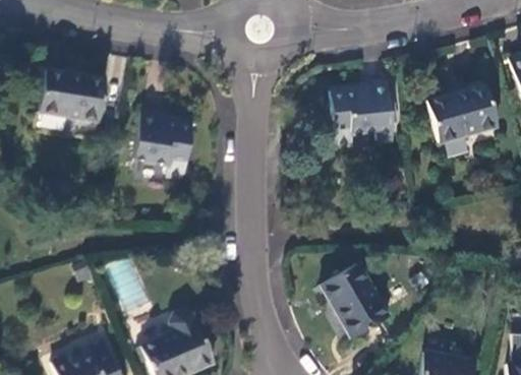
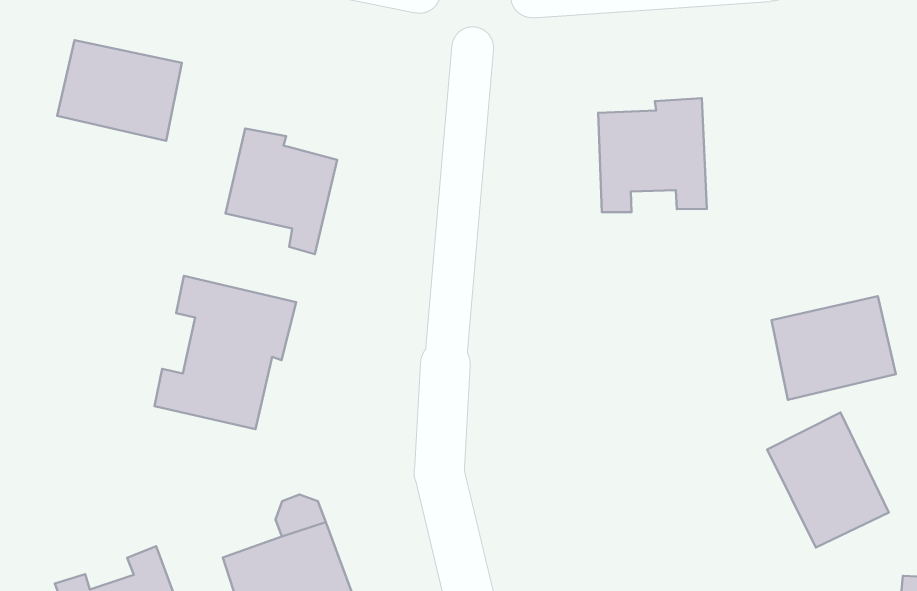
building: [428,84,498,143] -> [772,296,896,400]
building: none -> [154,276,296,429]
building: [322,262,390,336] -> [767,412,889,548]

